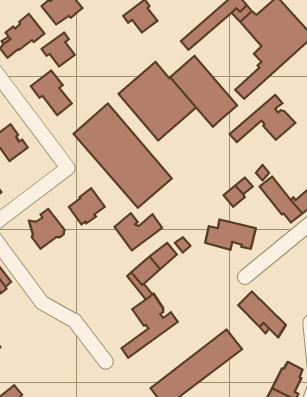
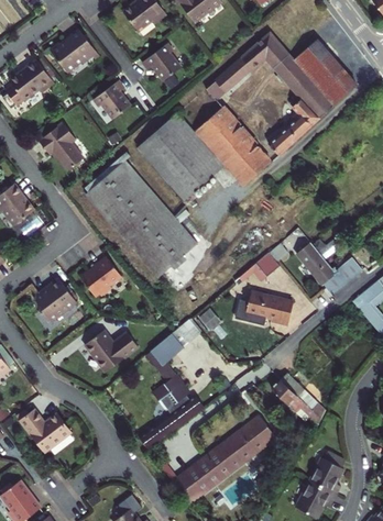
building: [42,32,75,66] -> [92,79,130,118]
building: [230,95,295,142] -> none
building: [114,213,162,250] -> [85,329,139,370]
building: none -> [20,408,72,452]

